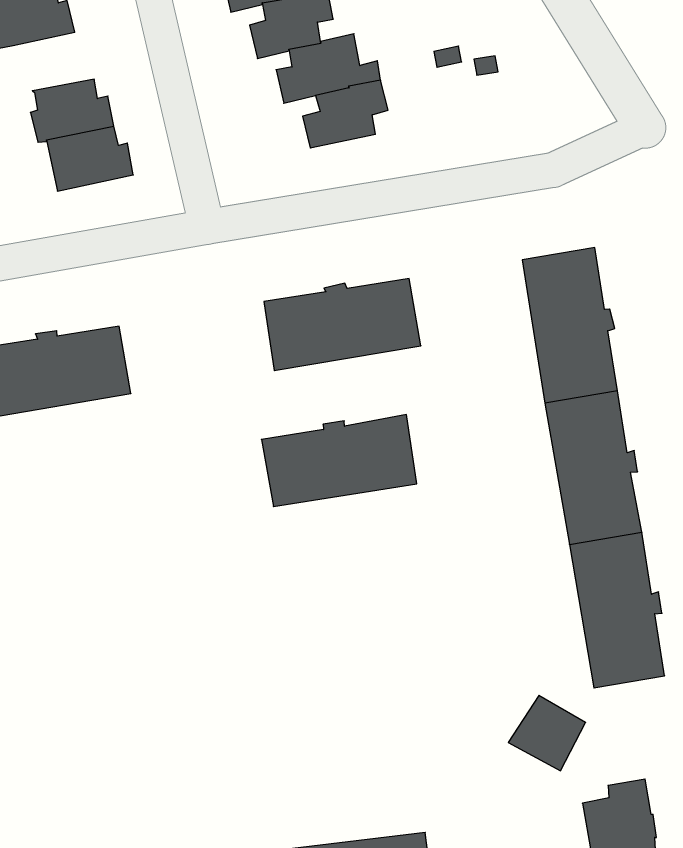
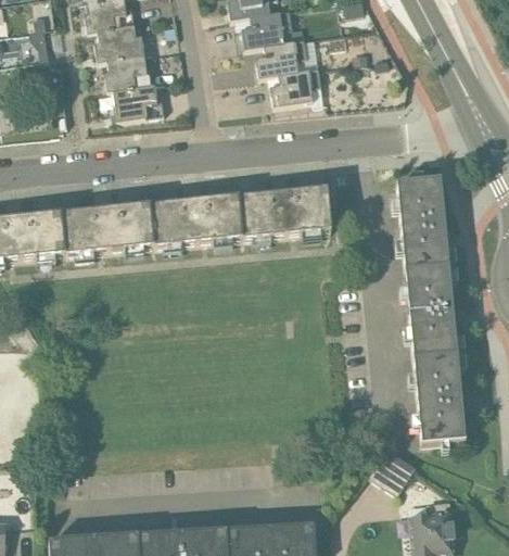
building: none -> [94,23,144,59]
building: [261,415,417,507] -> [149,194,241,244]

